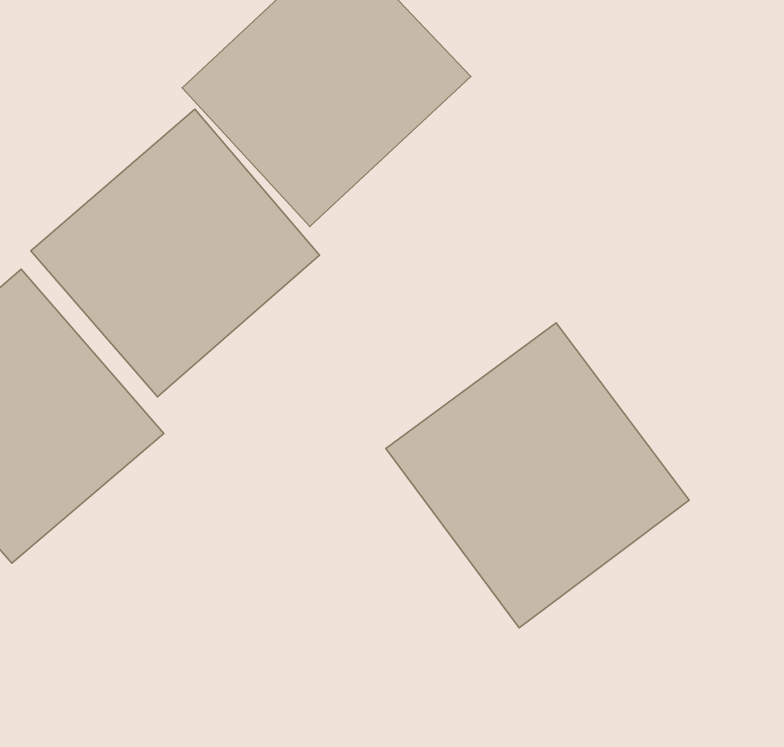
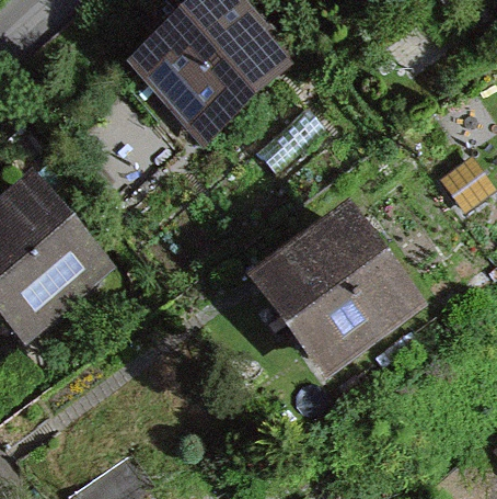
building: [31,109,319,397] -> none

